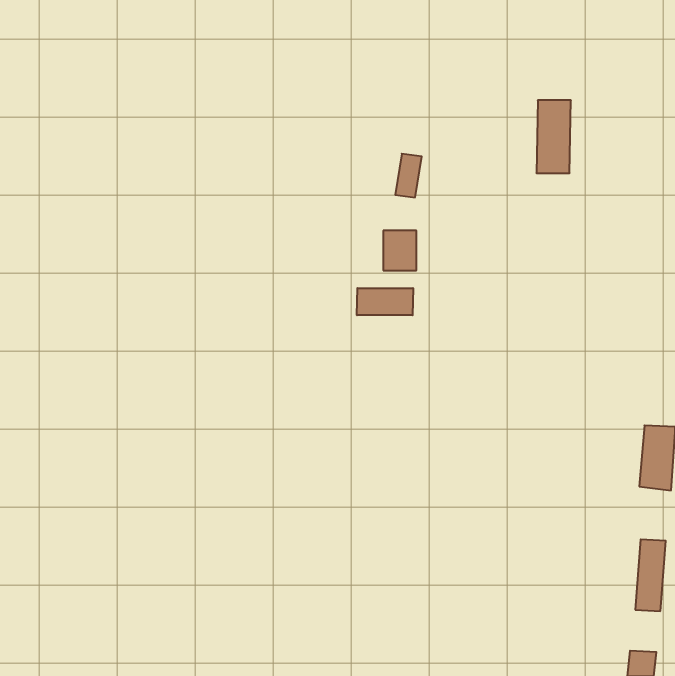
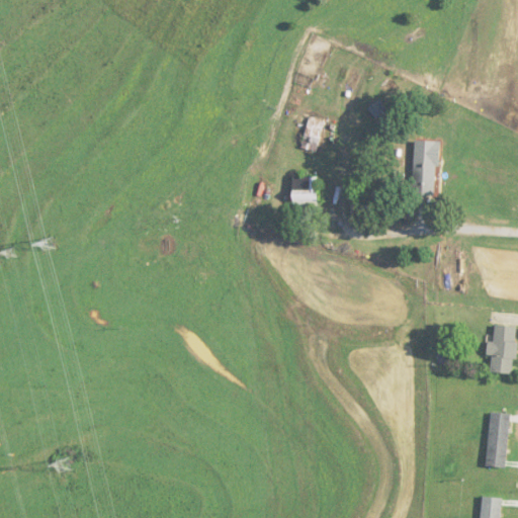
building: [536,100,571,173] -> [413,141,439,196]
building: [357,288,413,315] -> none

